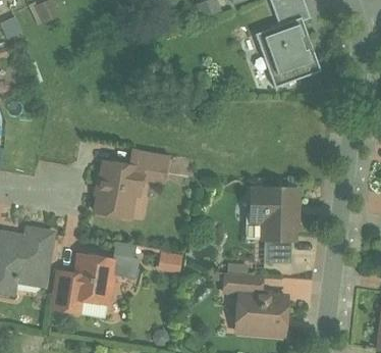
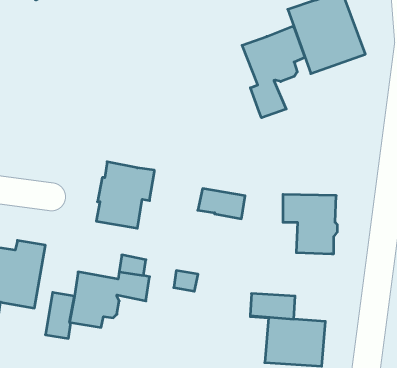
building: none -> [242,26,305,118]
building: [129,149,169,174] -> [198,189,245,219]
building: [264,239,292,264] -> none

